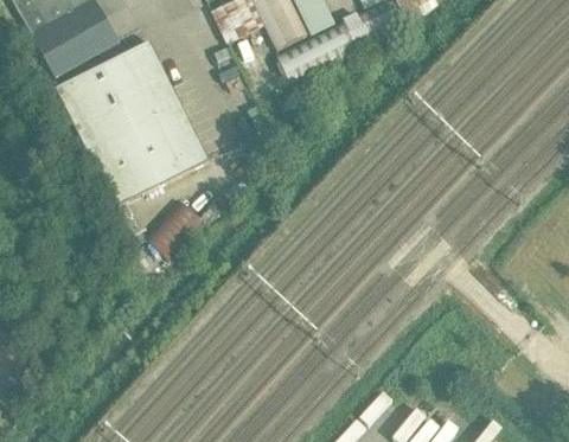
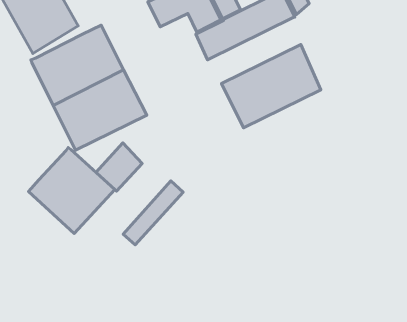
building: none -> [222,45,321,128]
building: none -> [29,147,115,233]
building: none -> [123,181,183,245]

